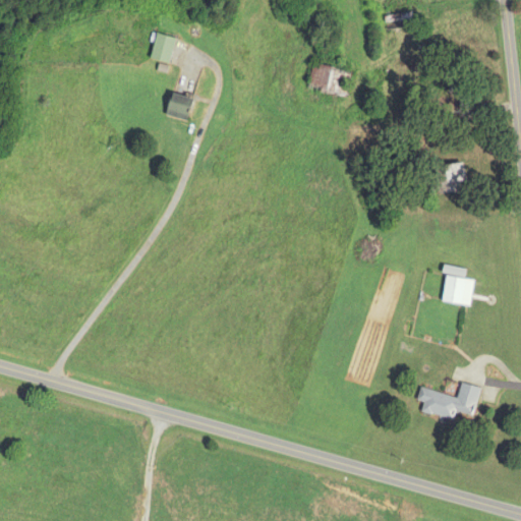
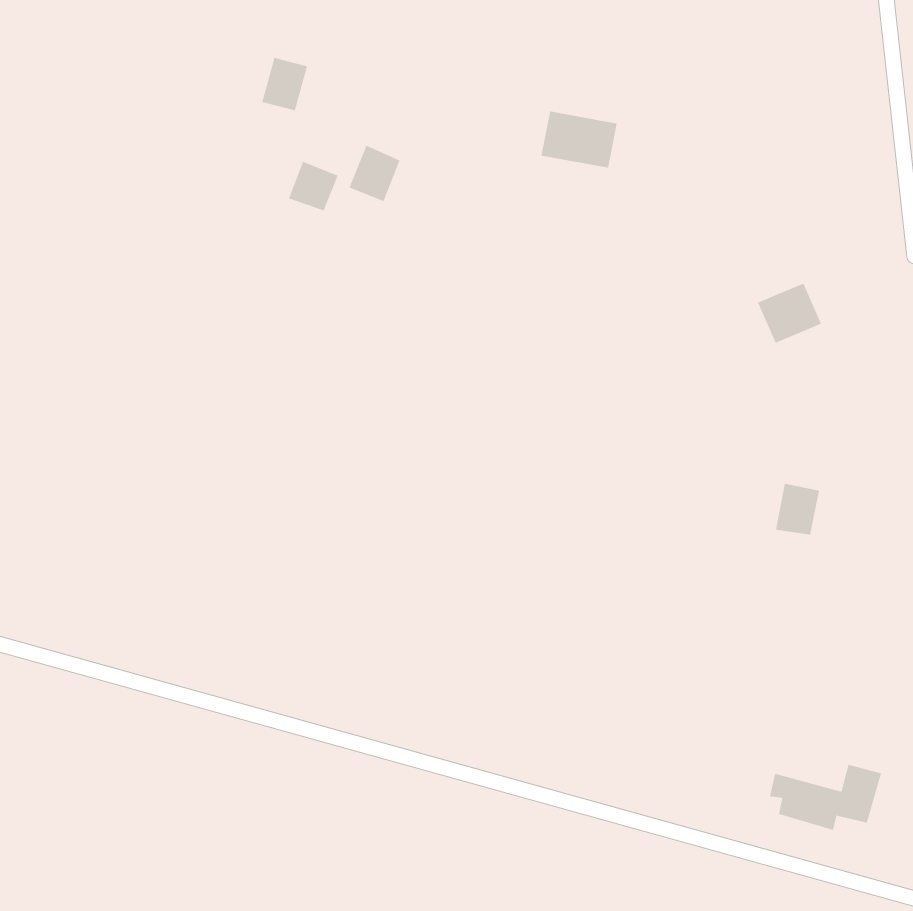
building: none -> [349,145,400,202]
building: [417,382,481,419] -> [769,764,882,830]

